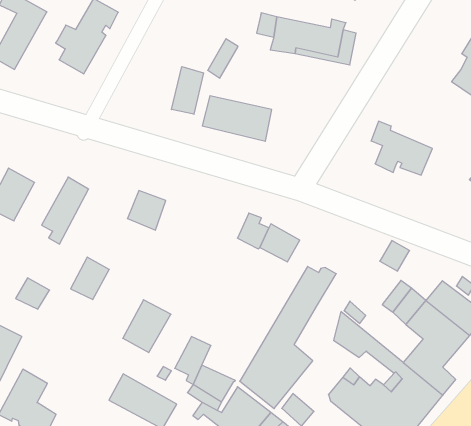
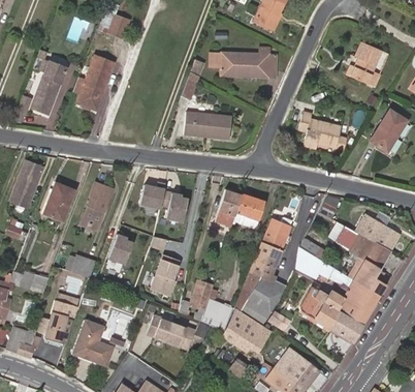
building: [171,67,204,114] -> none
building: none -> [166,194,188,224]

